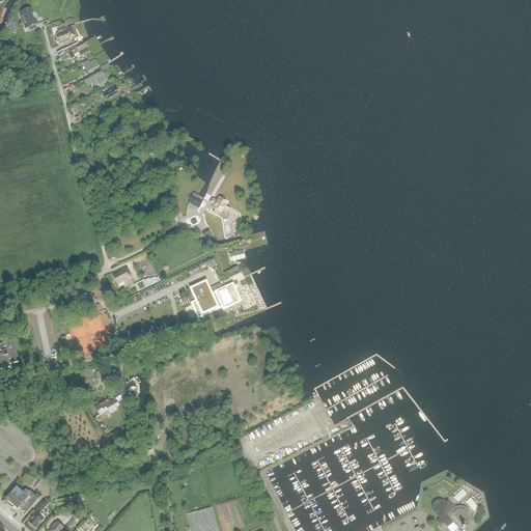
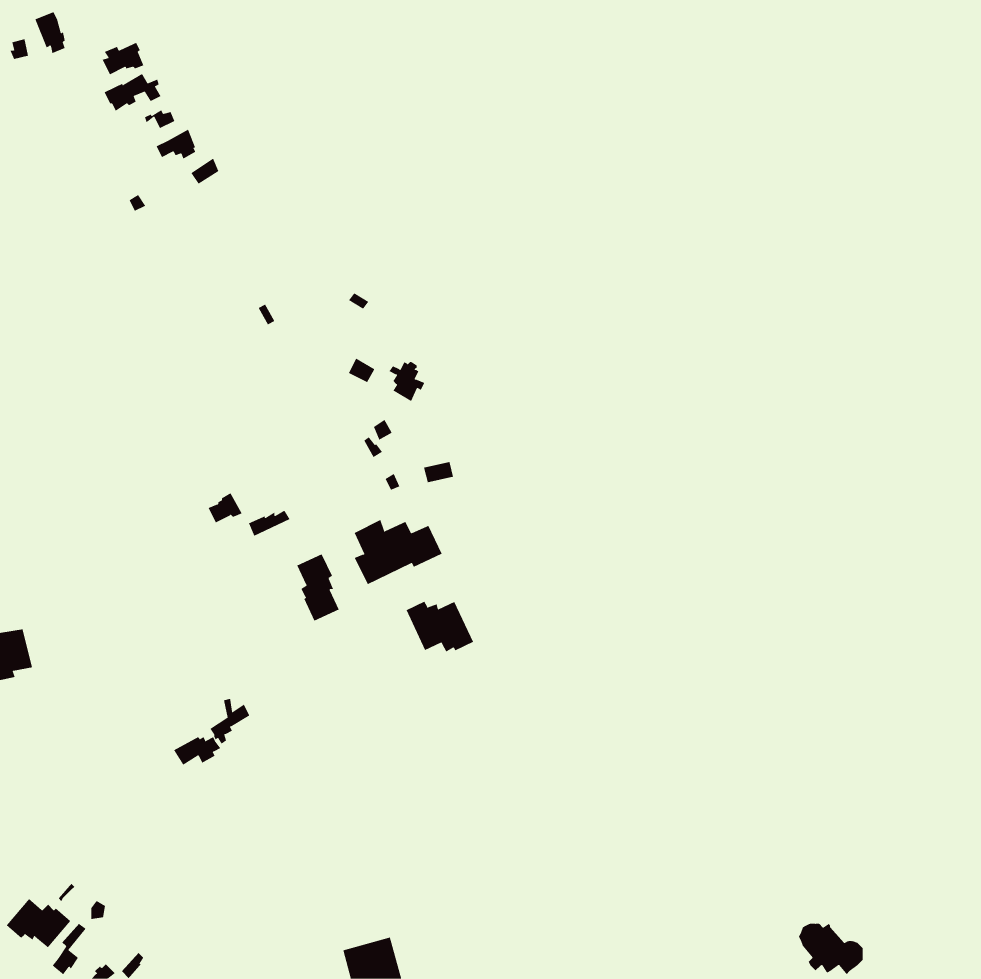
building: none -> [297,553,340,622]
building: none -> [406,601,474,652]

